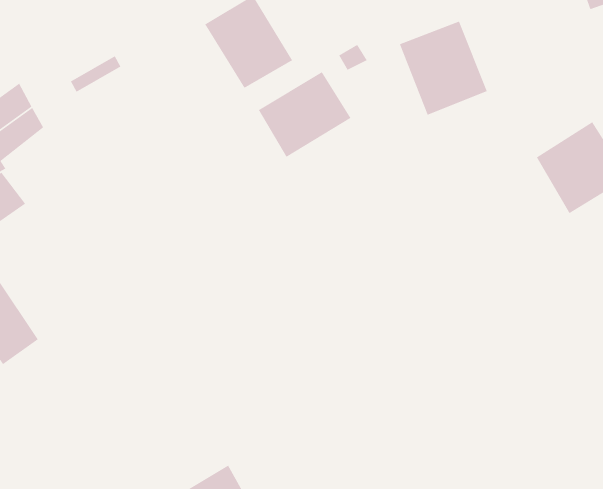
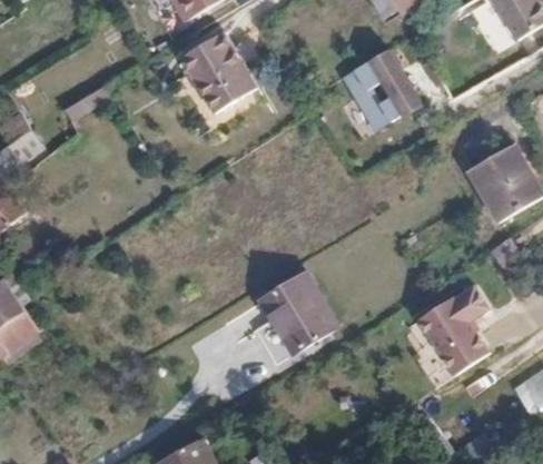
building: [258,71,351,158] -> none
building: none -> [259,270,336,352]
building: none -> [417,286,494,383]

